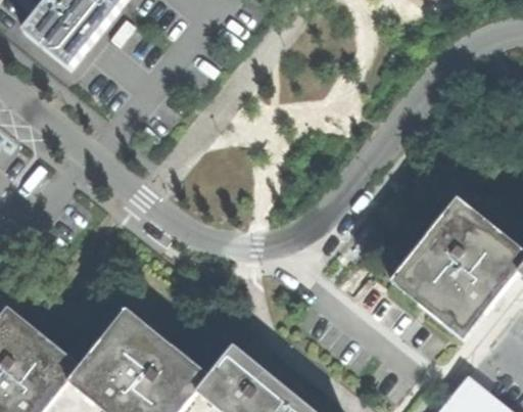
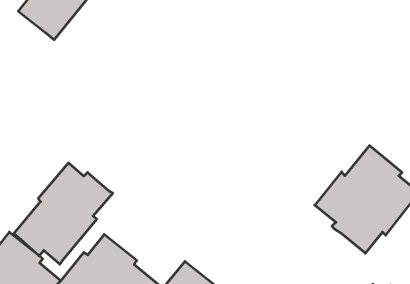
building: none -> [14,163,113,264]

